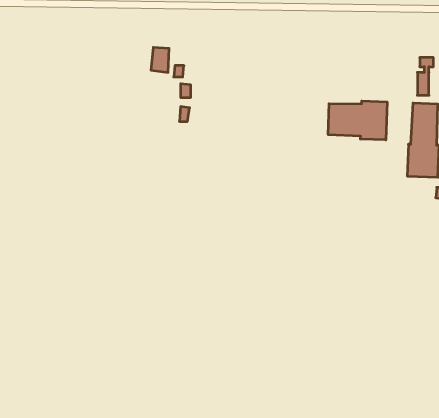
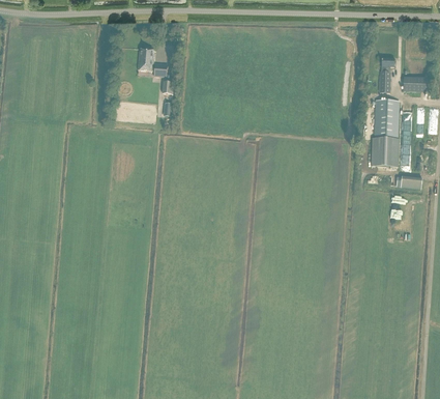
building: [328,101,387,140] -> none

